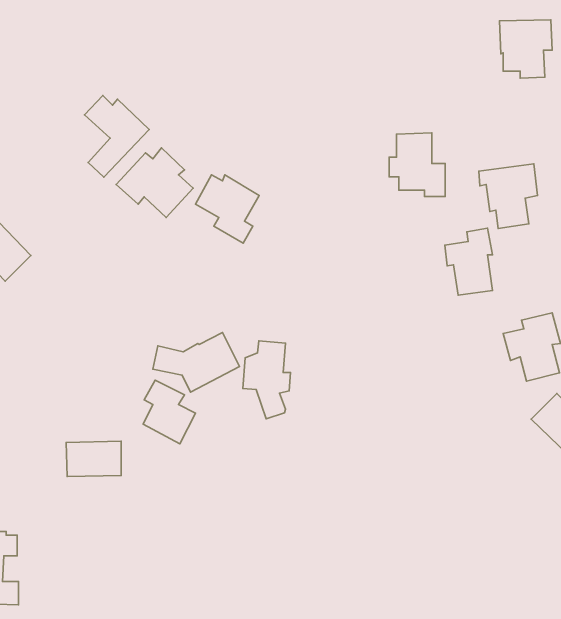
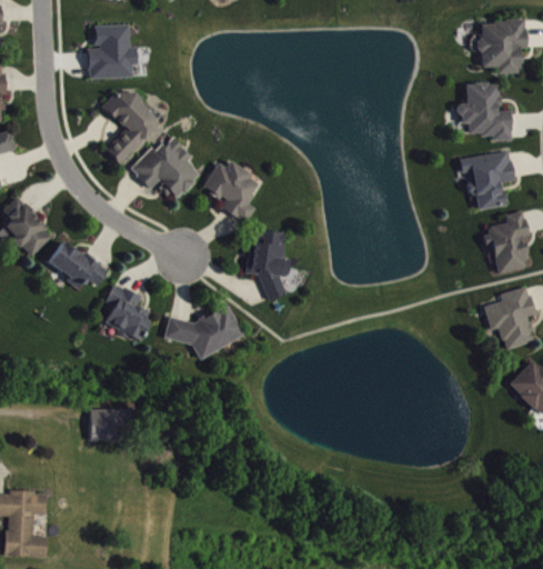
building: none -> [88,26,137,79]
building: [389,133,445,196] -> [461,83,512,141]
building: [445,228,492,295] -> [485,212,529,273]
building: none -> [48,242,108,287]
building: [243,341,290,419] -> [247,230,290,301]
building: [143,380,196,444] -> [104,284,152,342]

